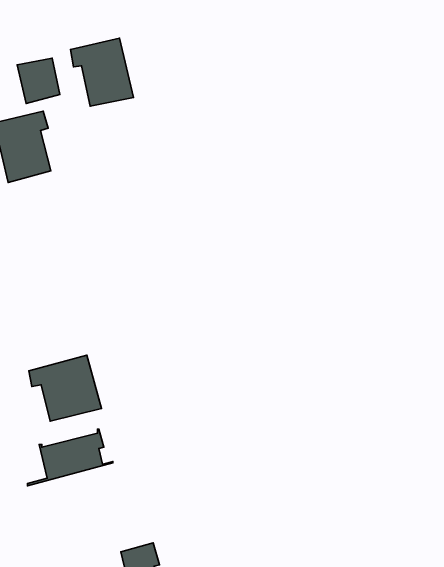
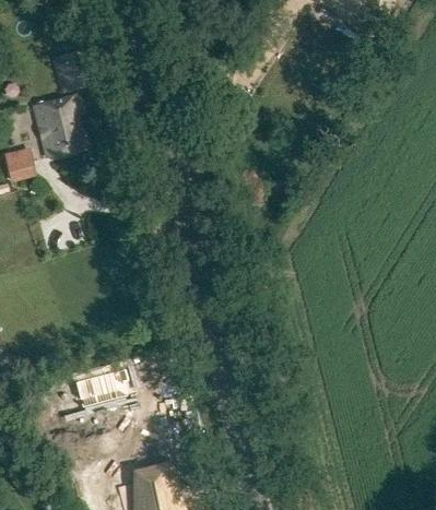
building: [71,38,133,106] -> none
building: [29,355,101,421] -> none

